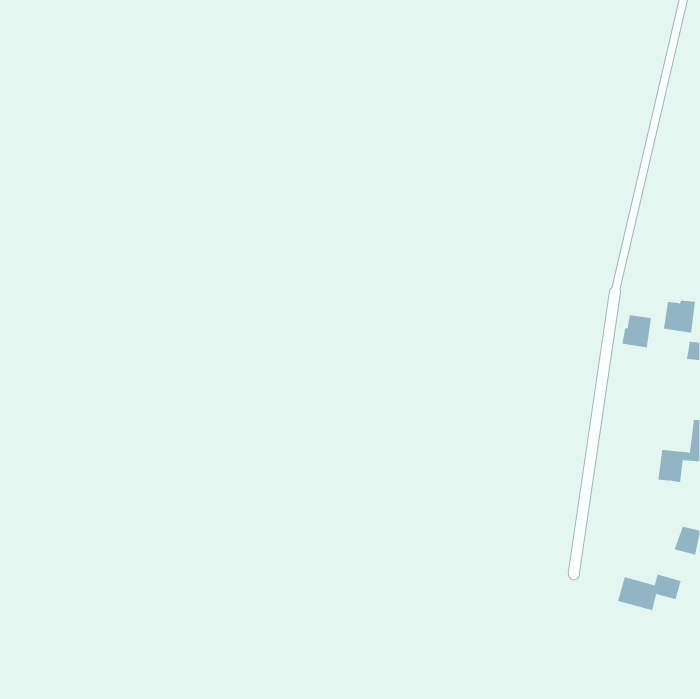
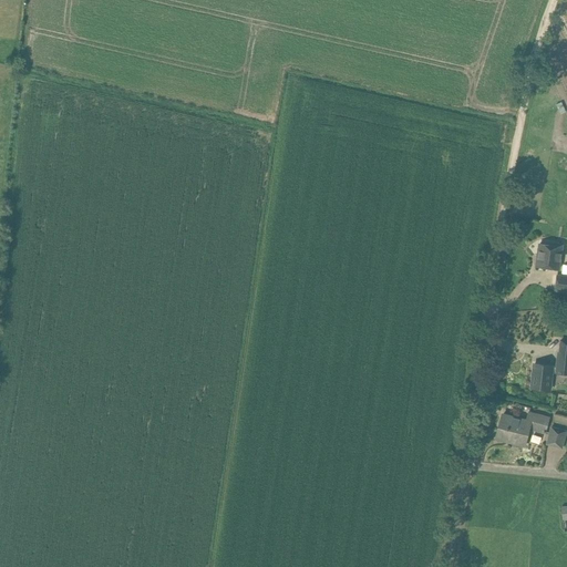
building: [622,315,652,348] -> none
building: [617,574,682,611] -> [497,412,549,442]

